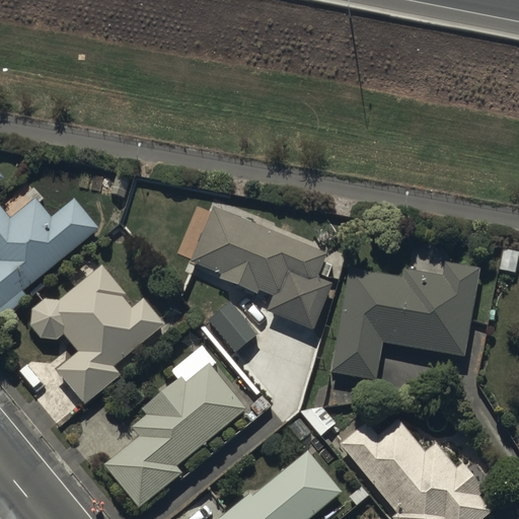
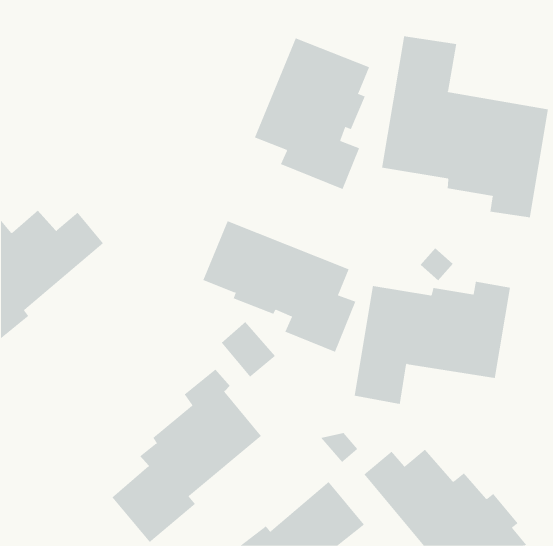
building: none -> [382,36,548,218]
building: none -> [254,37,370,190]
building: [28,267,165,405] -> none

